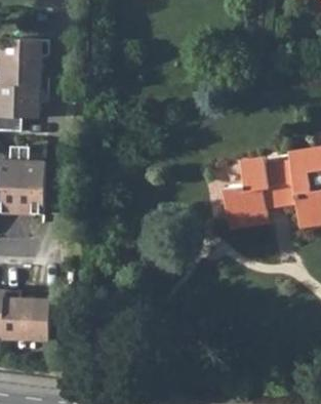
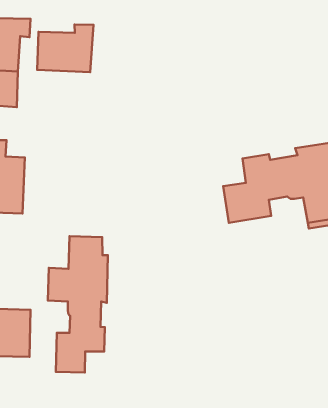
building: none -> [37,24,93,72]
building: none -> [48,236,108,373]

